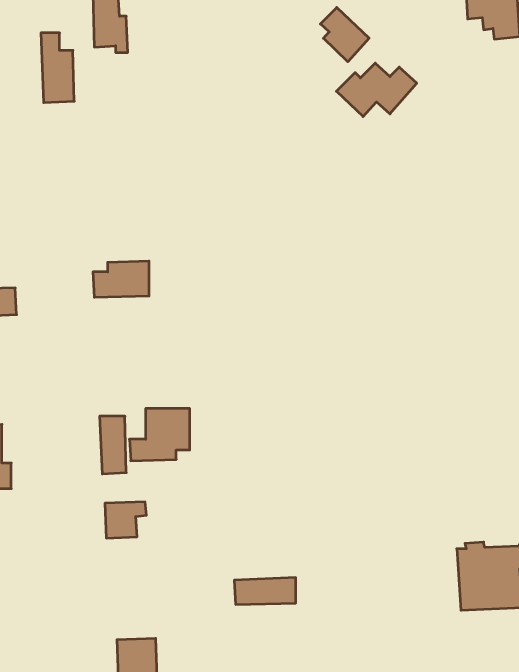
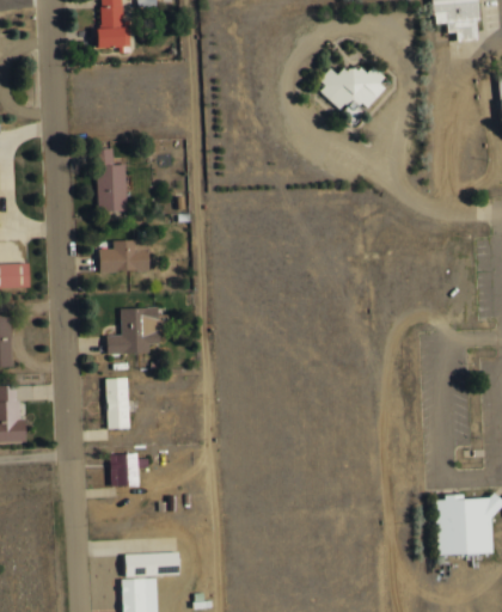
building: [320,7,369,62] -> none
building: [41,33,74,103] -> [97,148,127,210]
building: [129,409,190,461] -> [106,307,160,354]
building: [234,578,296,604] -> [124,551,179,575]

